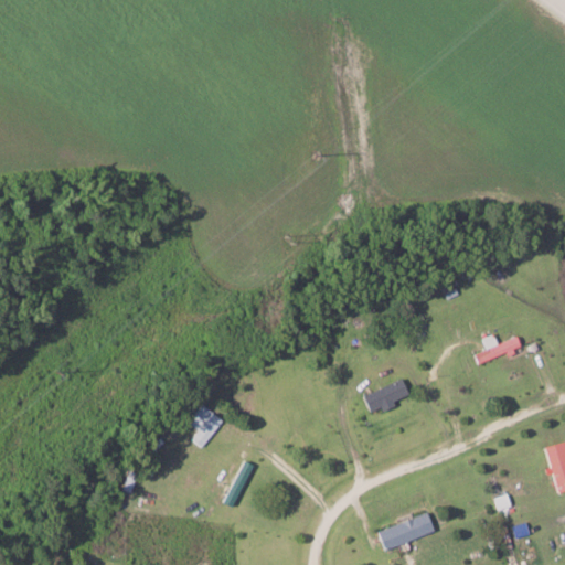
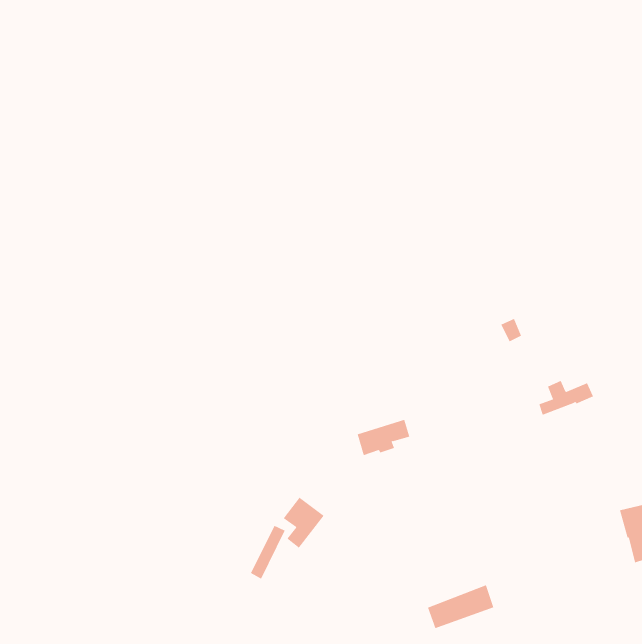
building: [362,381,408,413] -> [357,419,410,456]
building: [188,404,224,449] -> [283,497,325,549]

